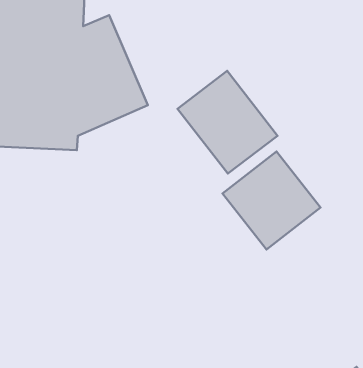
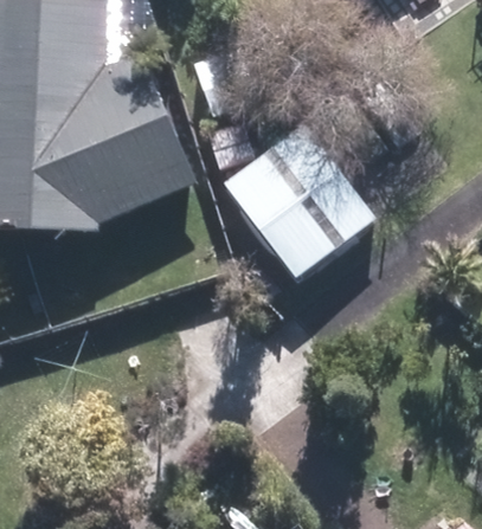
building: [222,151,320,249] -> none

